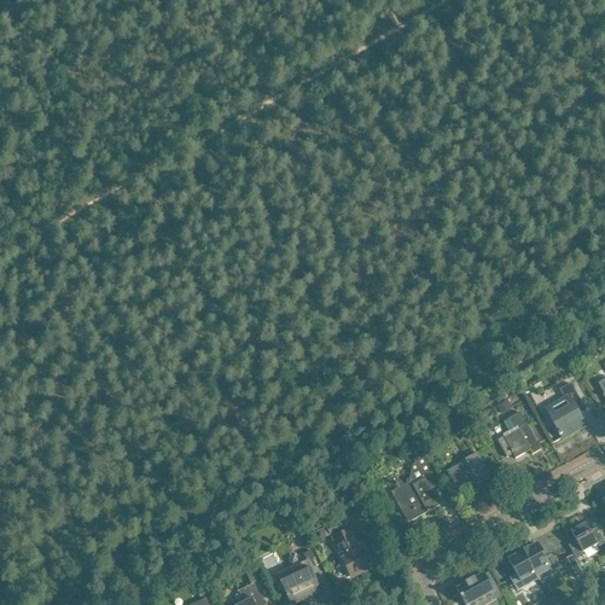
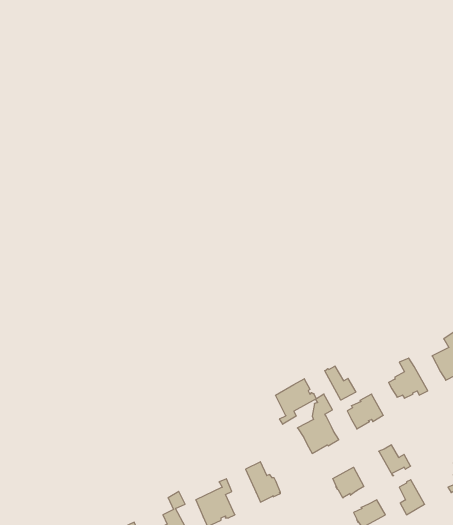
building: none -> [325,366,356,400]
building: none -> [276,379,316,424]
building: none -> [333,467,364,498]
building: [522,542,558,577] -> [379,445,411,476]

